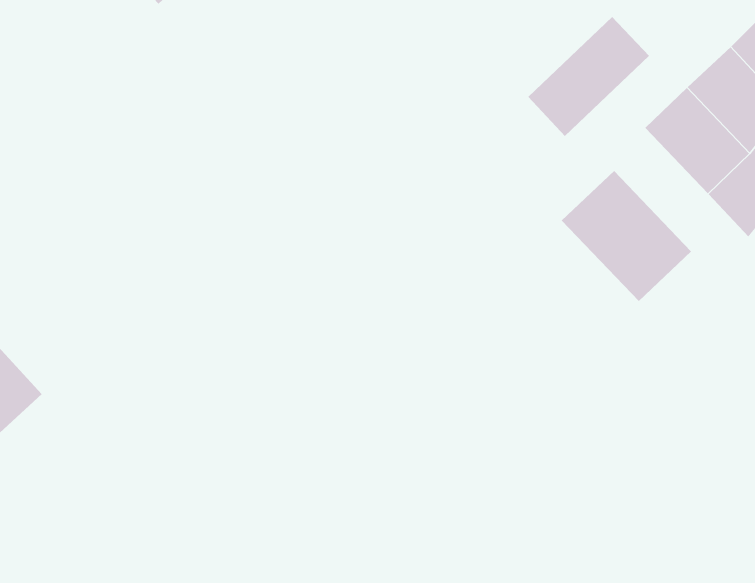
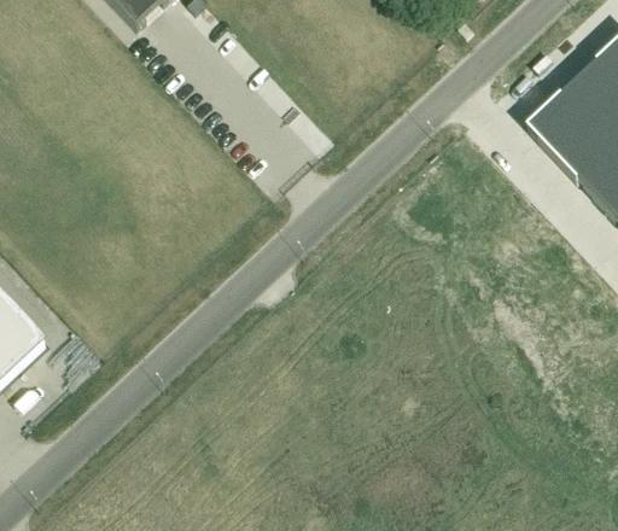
building: [527,16,650,137] -> none
building: [561,170,692,302] -> none

